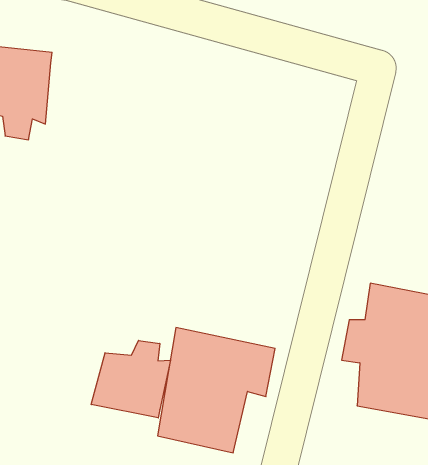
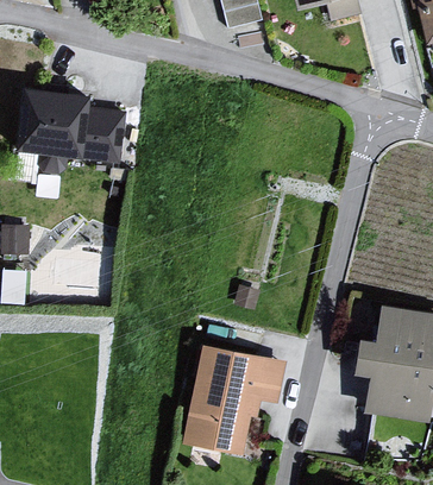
building: none -> [80,103,128,165]
building: [91,340,170,418] -> none

